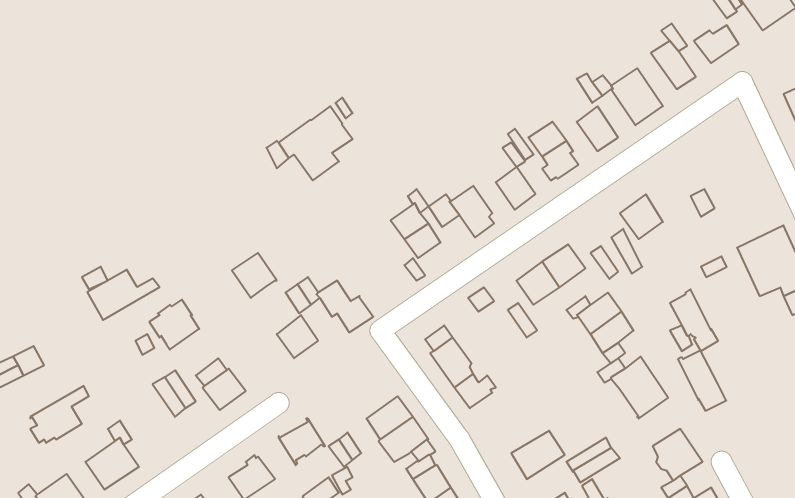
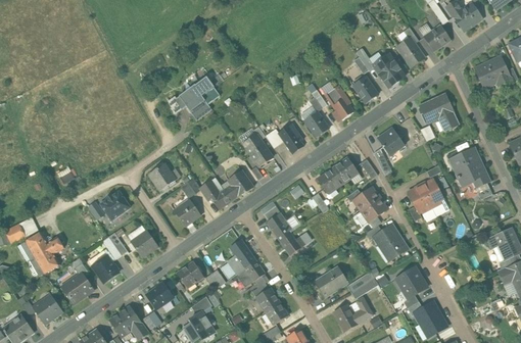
building: none -> [420,95,458,131]
building: none -> [224,170,252,201]
building: [87,270,160,320] -> [17,232,60,261]
building: [678,350,726,411] -> [420,180,448,215]
building: none -> [91,255,119,283]

